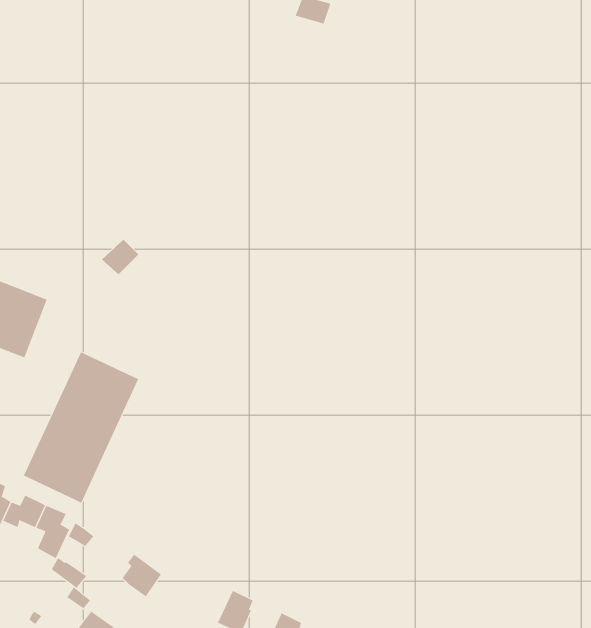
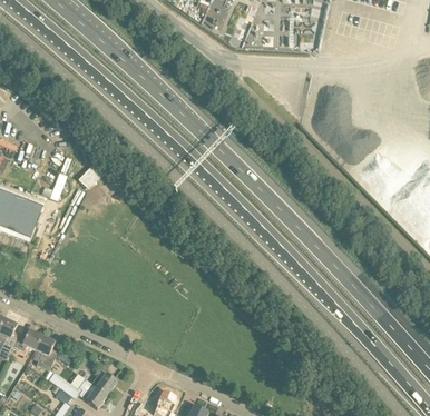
building: [23,351,139,503] -> none
building: none -> [78,379,107,408]

